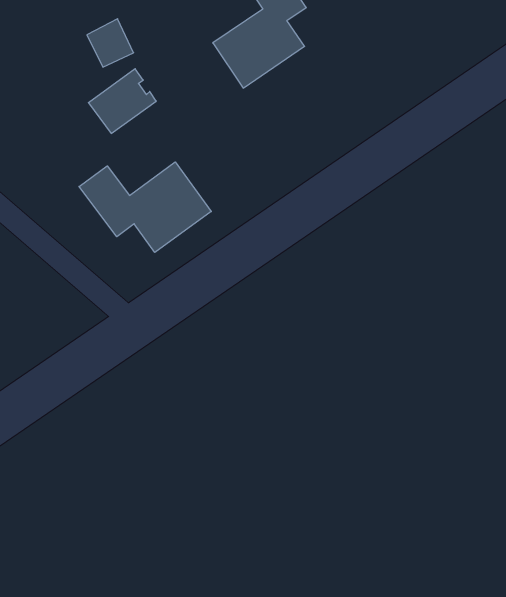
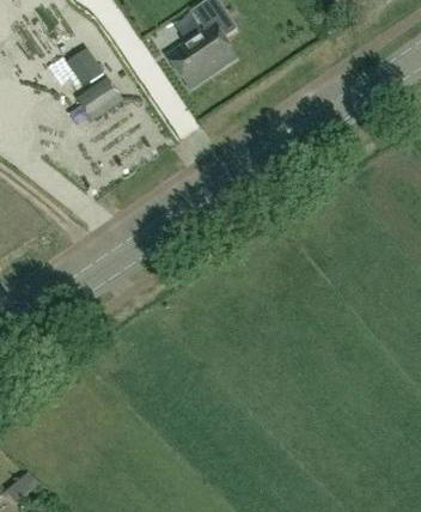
building: [79,162,211,252] -> none

